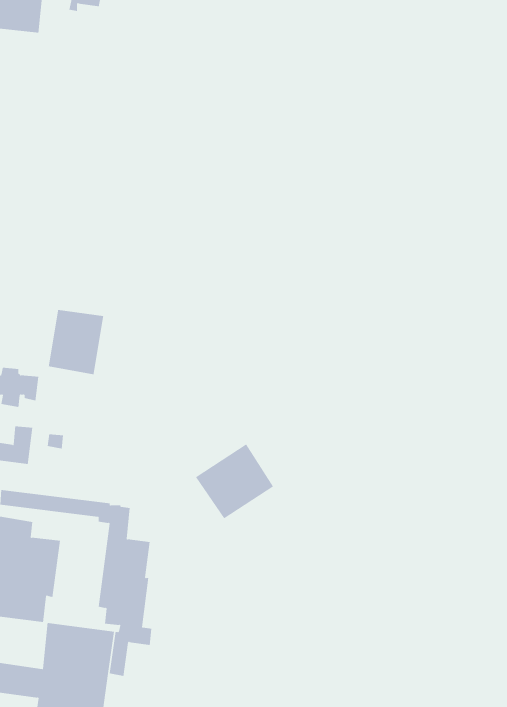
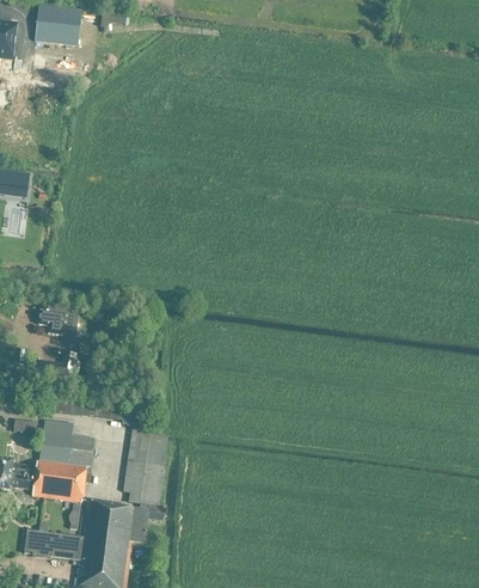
building: [48,309,104,375] -> none
building: [195,443,274,519] -> none

